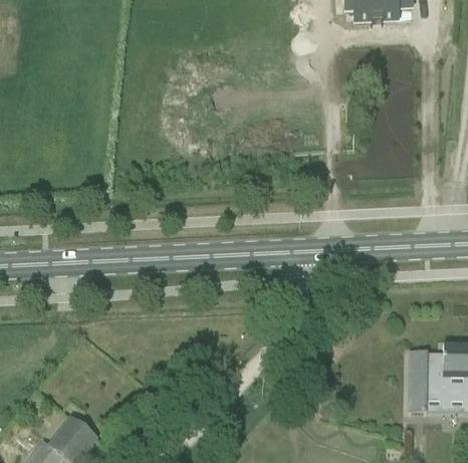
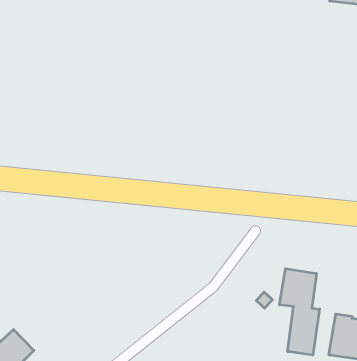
building: none -> [280,269,320,355]

